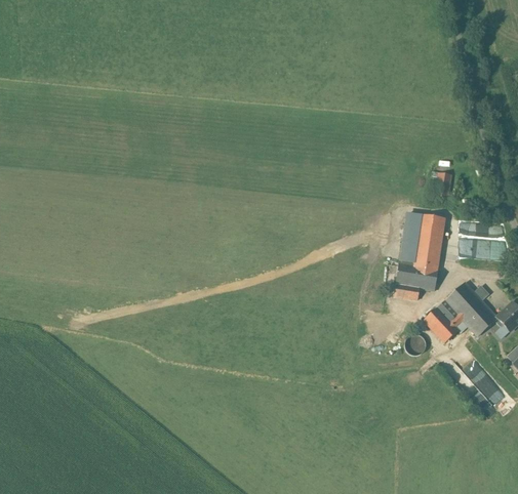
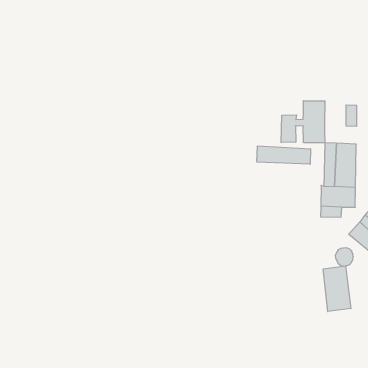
building: none -> [281,101,325,143]
building: none -> [257,146,310,164]
building: none -> [323,266,351,312]

